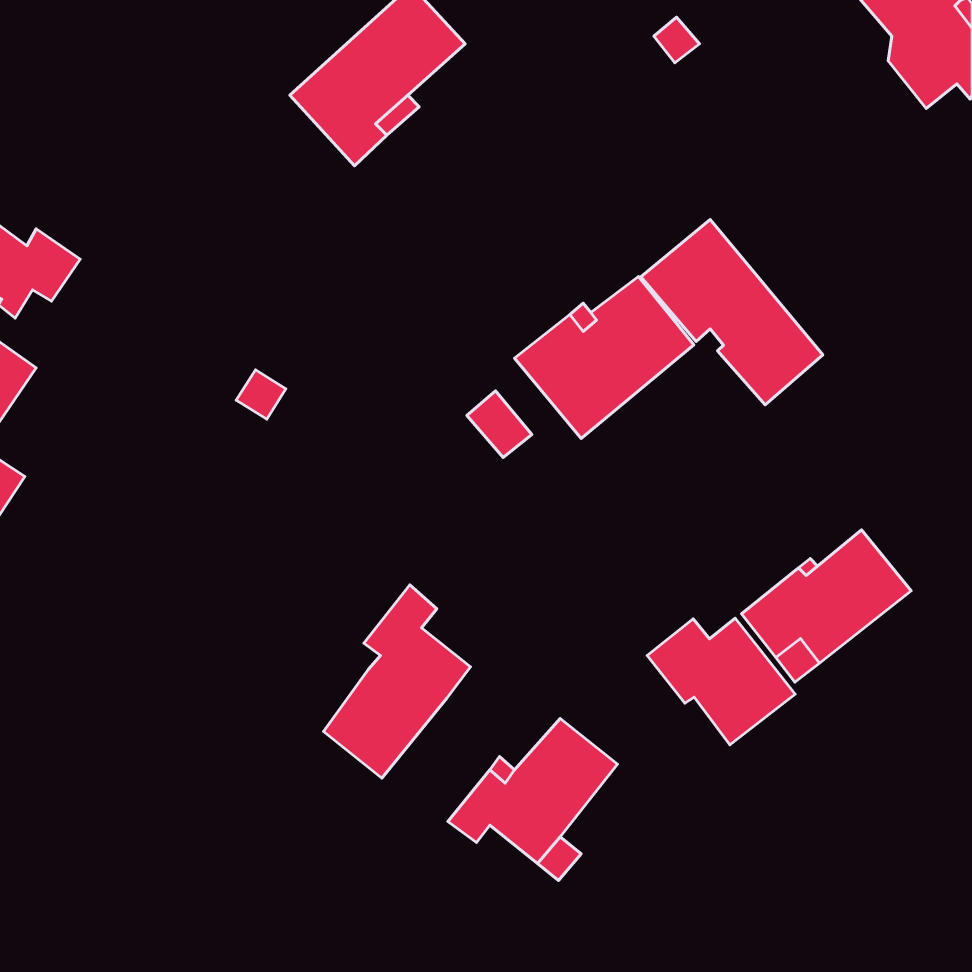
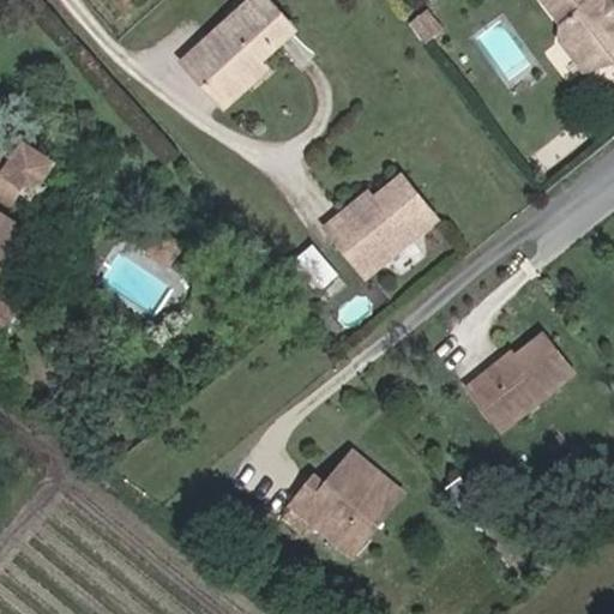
building: [641,219,823,405] -> none
building: [323,585,470,778] -> none
building: [647,618,795,745] -> none

